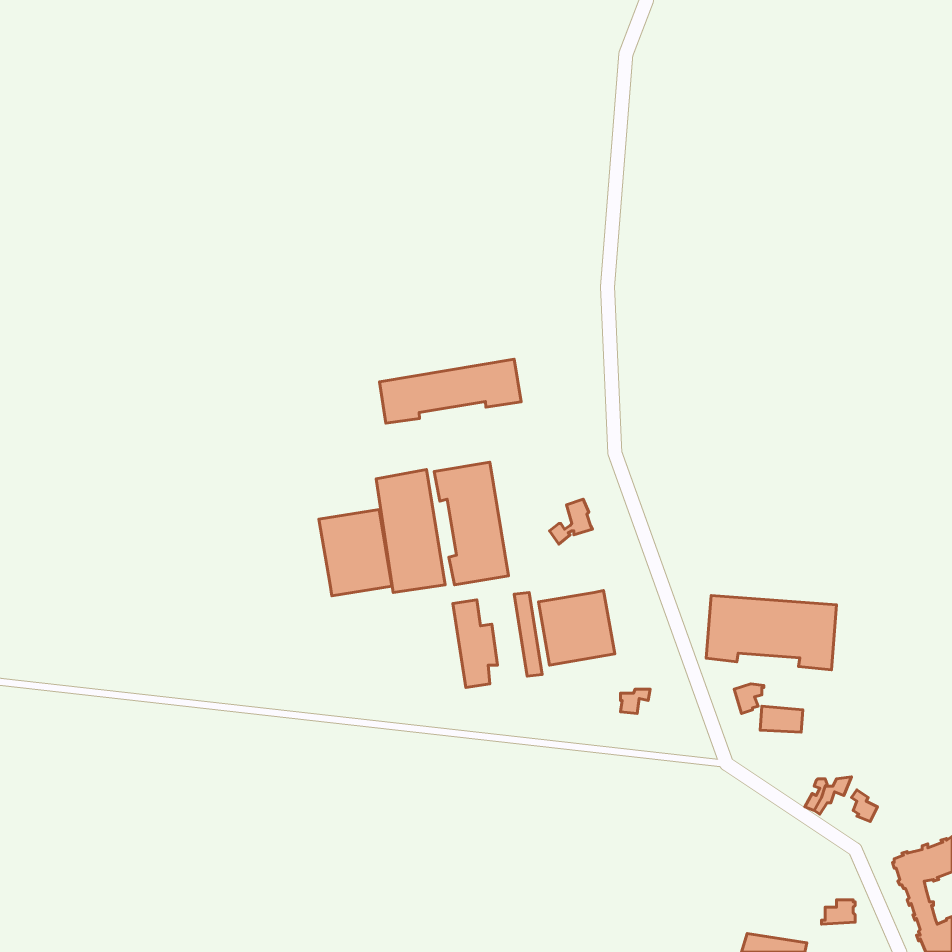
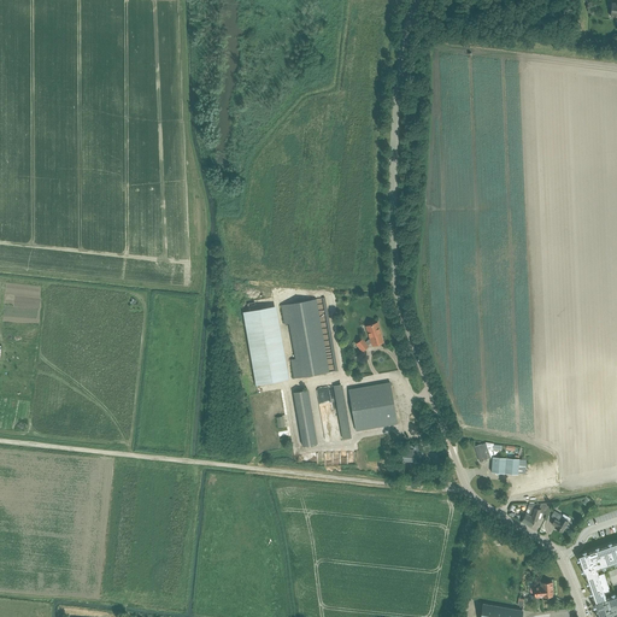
building: [379,359,521,423] -> none
building: [319,509,392,596] -> none
building: [706,596,836,670] -> none

